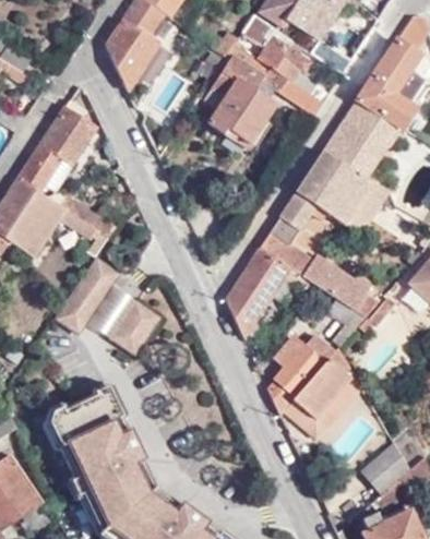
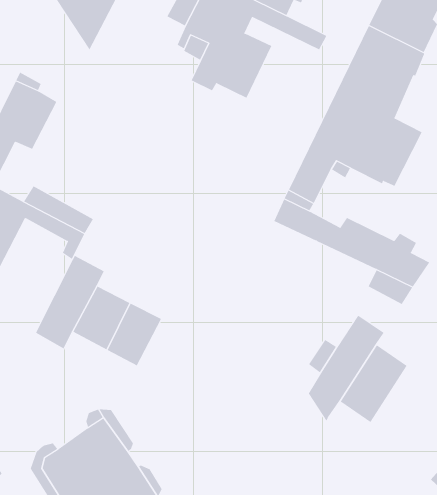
building: [226,248,292,339] -> none
building: [284,349,362,441] -> none

